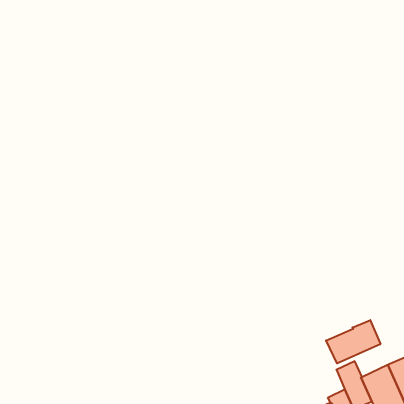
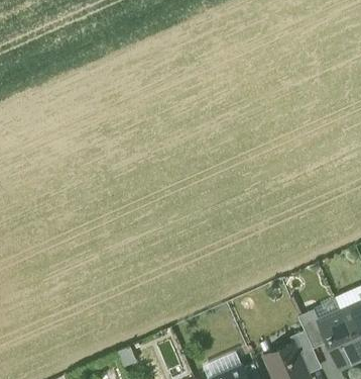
building: [326,320,380,363] -> none

